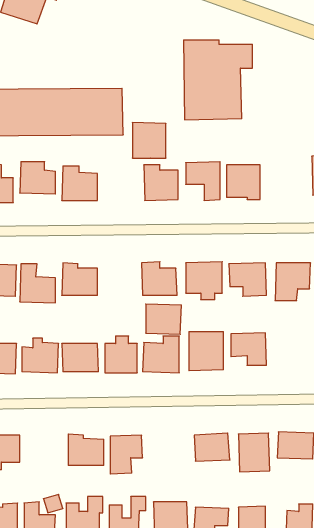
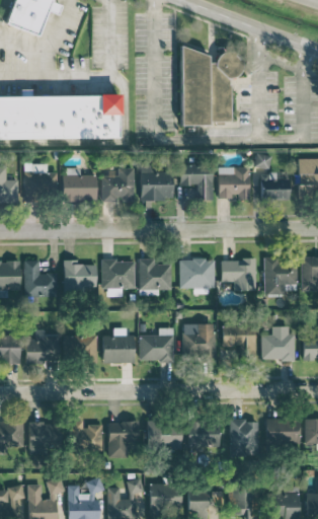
building: [132,123,166,158] -> [103,168,135,202]
building: none -> [256,155,290,200]
building: [146,304,181,334] -> [102,261,136,289]
building: none -> [262,326,294,361]
building: none -> [148,422,182,450]
building: none -> [29,423,59,455]

